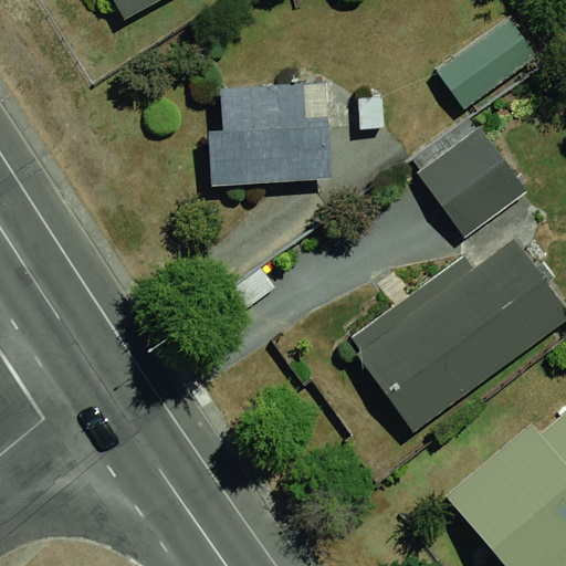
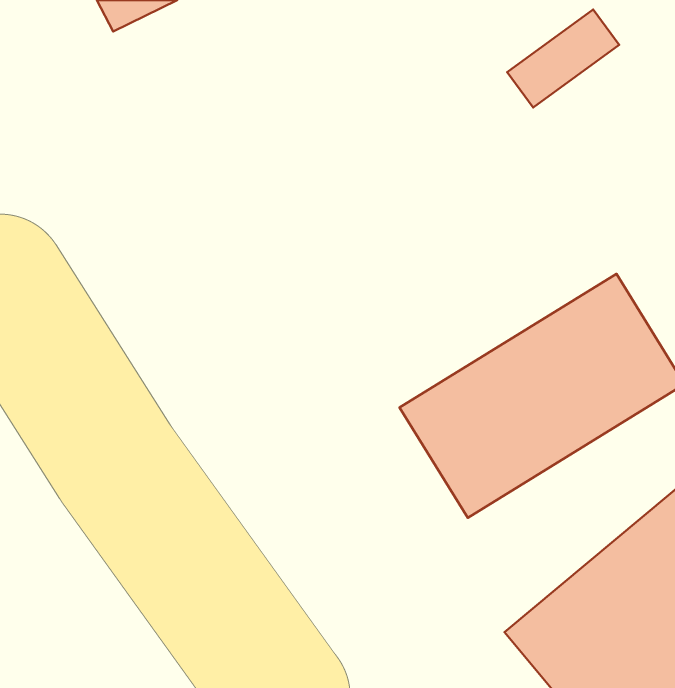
building: [199,82,340,188] -> none
building: [411,133,506,223] -> none

